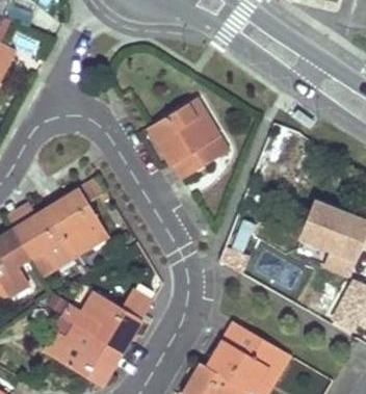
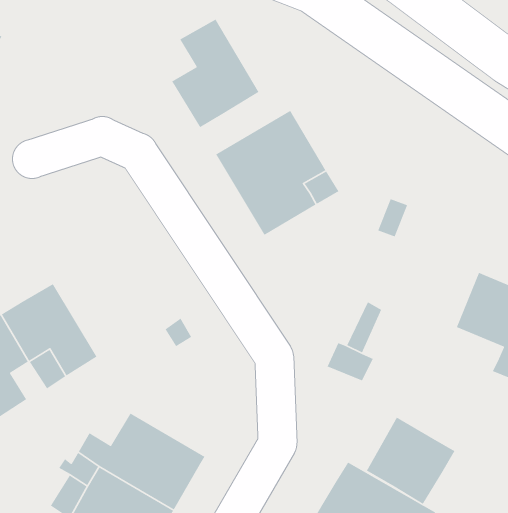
building: none -> [171,18,259,128]
building: [45,177,107,256] -> none
building: none -> [366,417,455,505]

